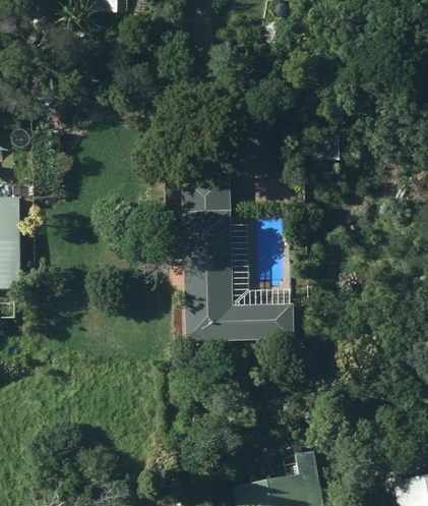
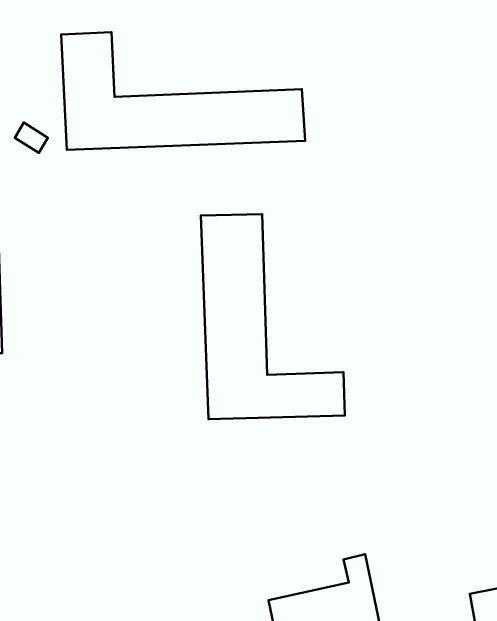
building: none -> [61,32,305,150]

